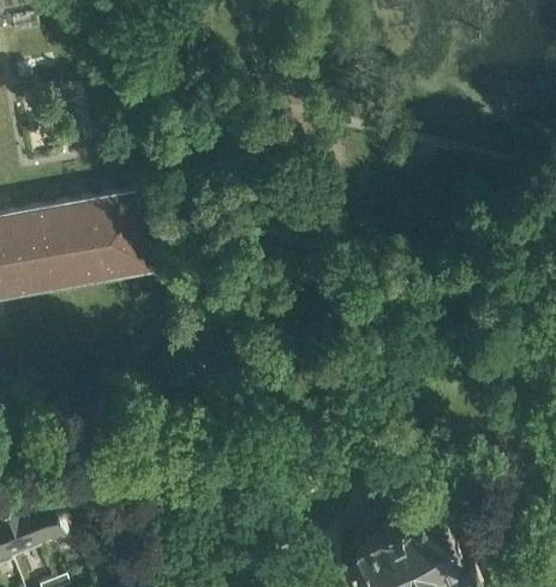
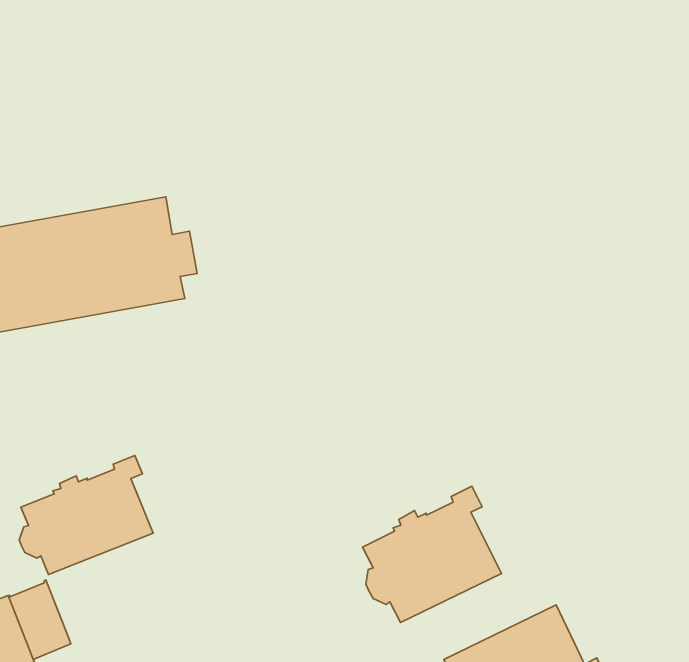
building: none -> [19,455,153,574]
building: none -> [363,486,501,623]

